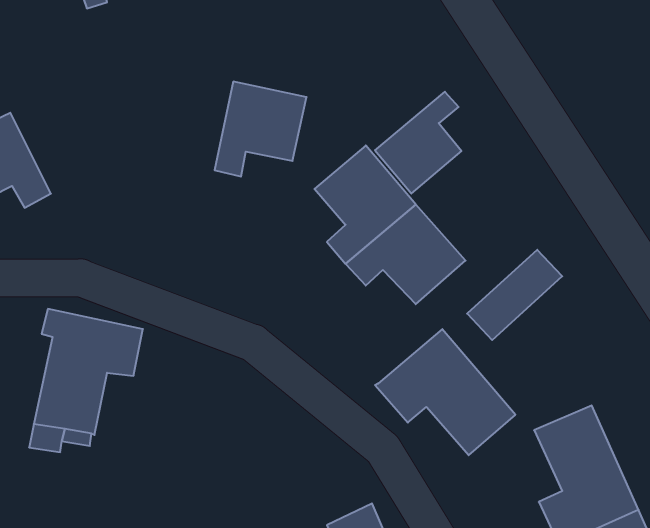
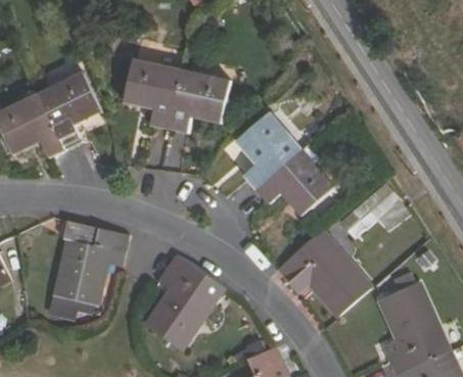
building: none -> [126,59,184,129]
building: none -> [38,68,101,144]
building: [375,92,461,194] -> none
building: none -> [146,253,222,347]

